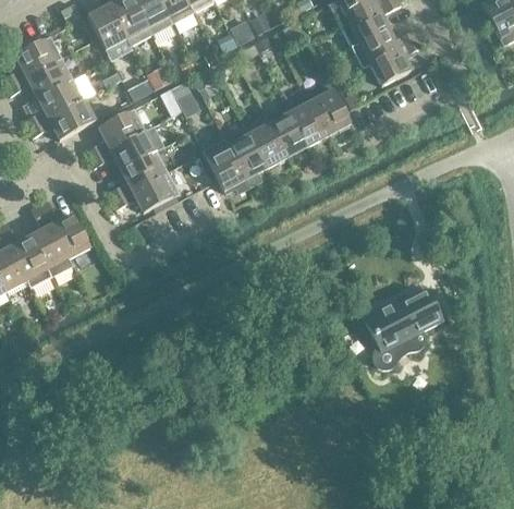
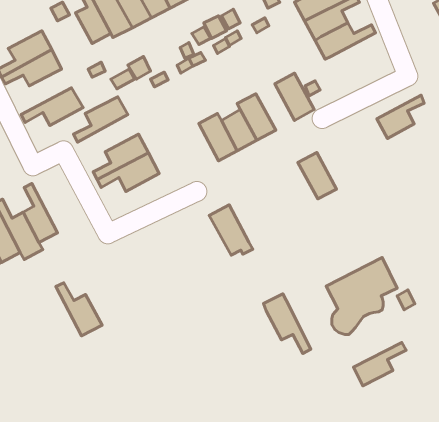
building: [370,38,423,86] -> [377,95,424,138]
building: [24,78,84,129] -> none
building: [287,95,330,146] -> [298,153,336,199]
building: [90,129,158,170] -> none
building: [203,138,250,194] -> [209,205,253,255]
building: [40,201,91,259] -> [56,283,102,336]
building: none -> [263,294,311,354]
building: none -> [354,342,406,386]

